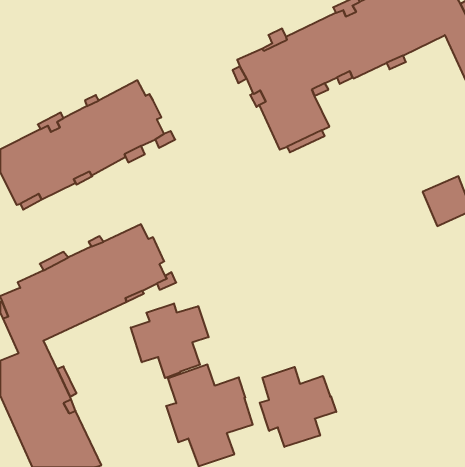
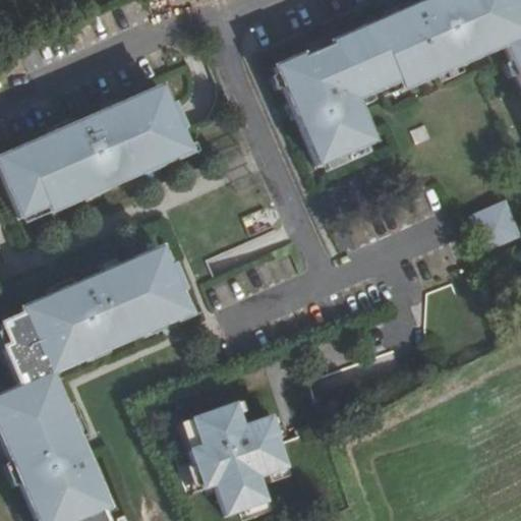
building: [131,303,209,378] -> none
building: [260,367,336,447] -> none

